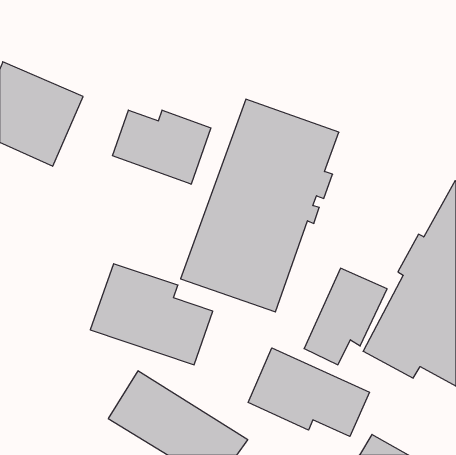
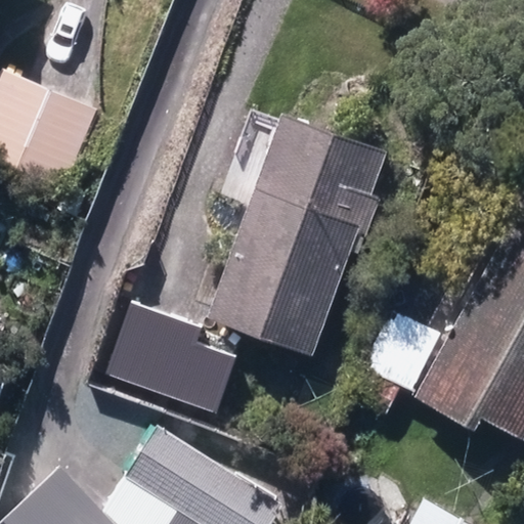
building: [112,110,211,184] -> none
building: [248,348,369,436] -> none

